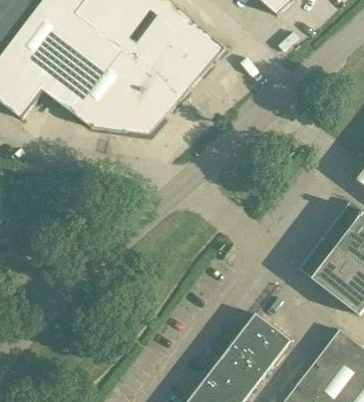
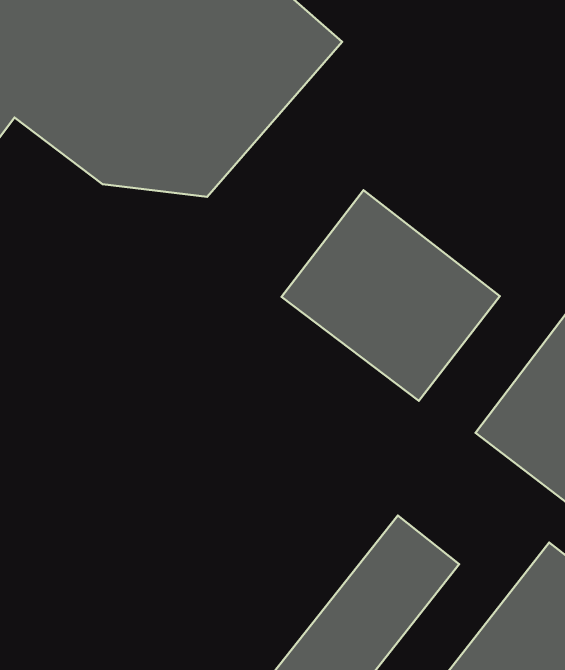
building: none -> [281,190,500,401]

